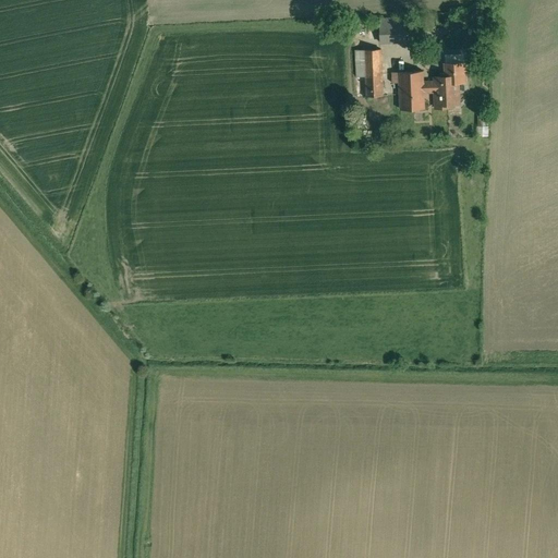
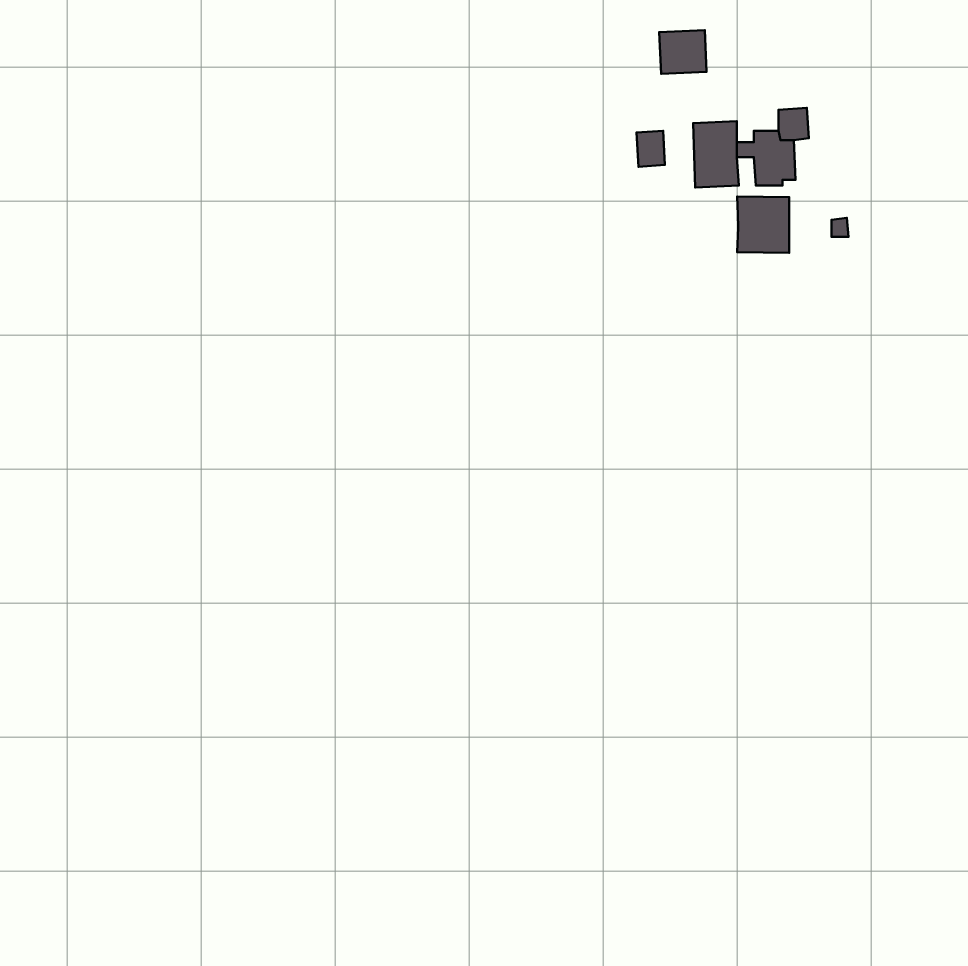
building: [356,50,381,78] -> none
building: none -> [737,196,789,253]

